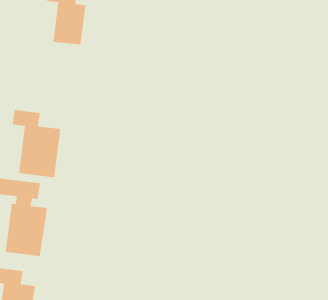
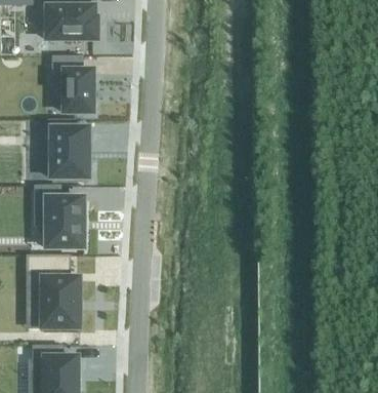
building: none -> [50,120,87,180]

